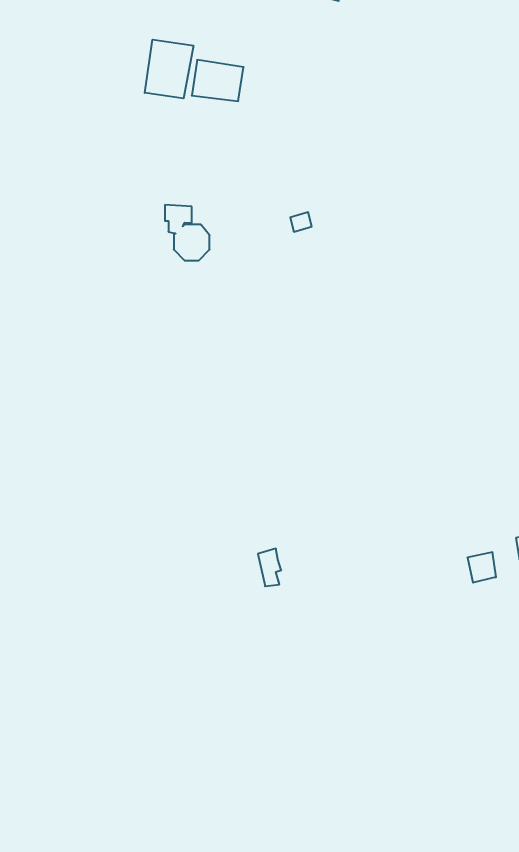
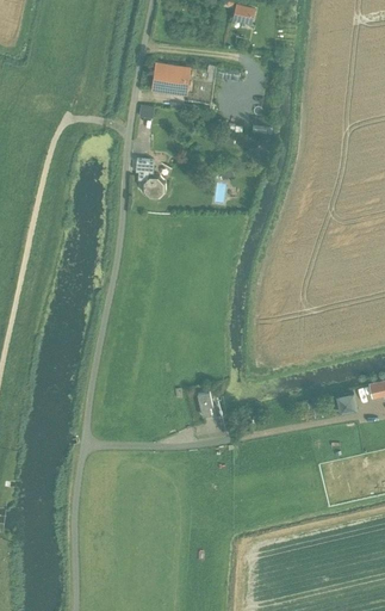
building: [145,40,193,98] -> none

